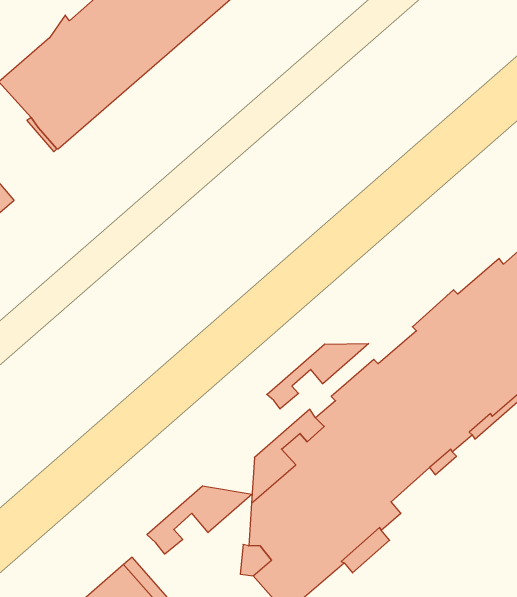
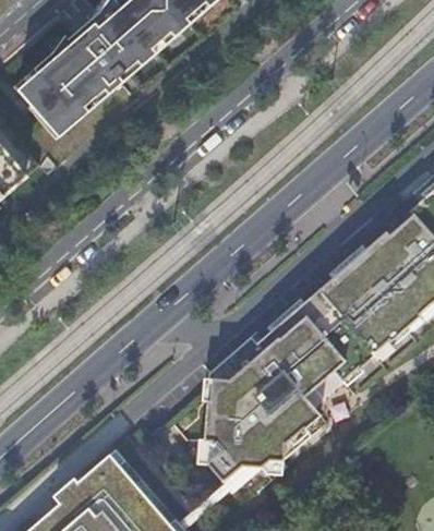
building: [267,344,369,409] -> none
building: [147,486,252,554] -> none

